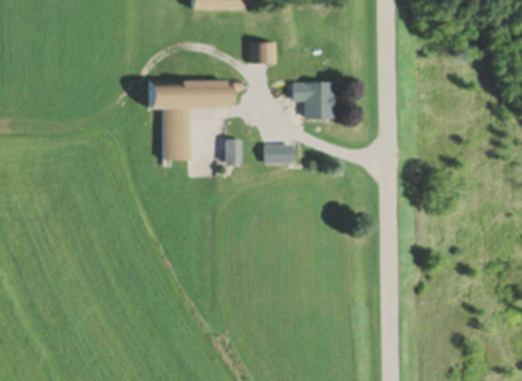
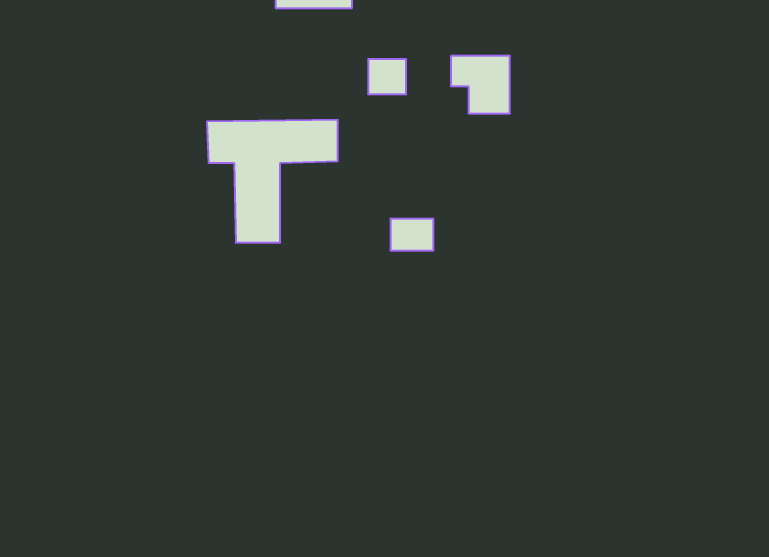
building: [291,83,328,119] -> [451,56,510,113]
building: [227,140,243,164] -> none

